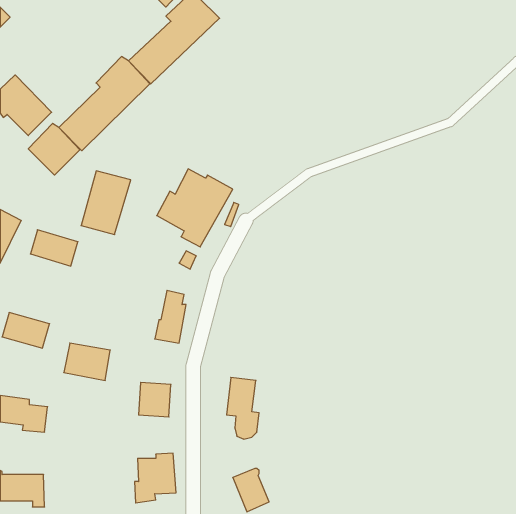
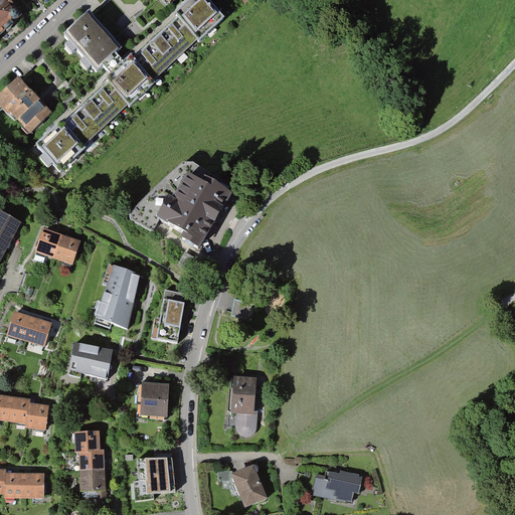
building: none -> [56,12,116,72]
building: [81,171,131,235] -> [93,266,142,329]
building: none -> [70,430,109,501]
building: none -> [310,471,358,502]

